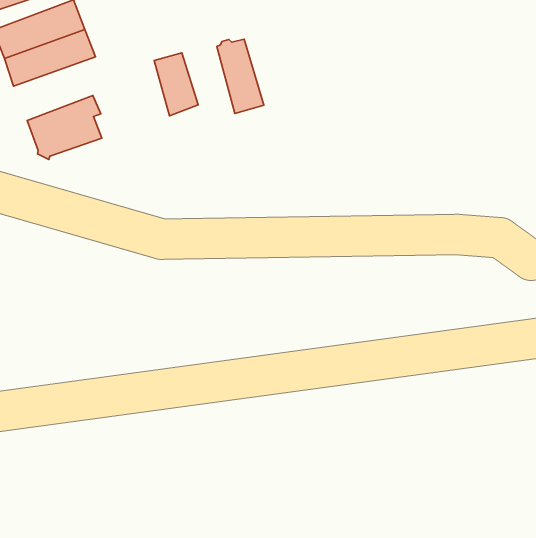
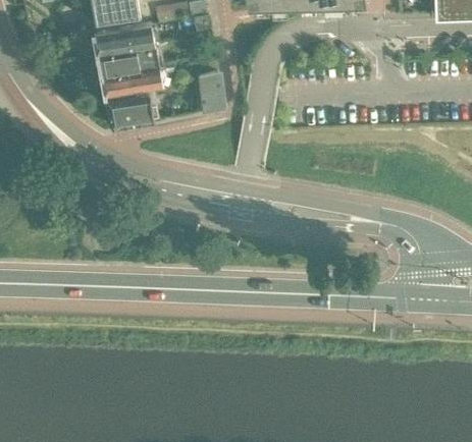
building: [217,39,264,113] -> none
building: none -> [101,62,162,94]

